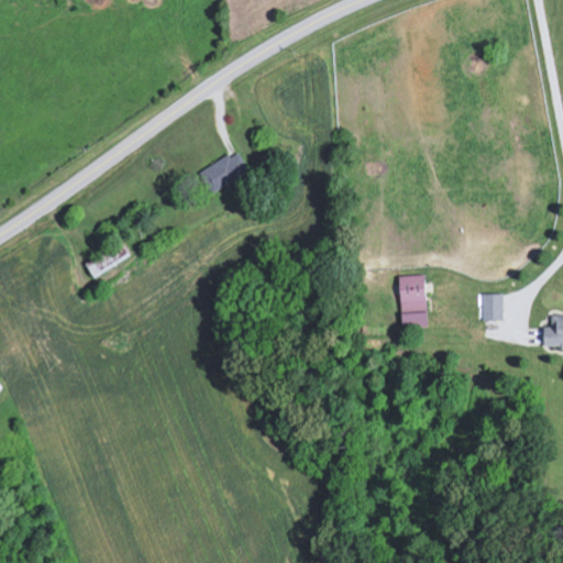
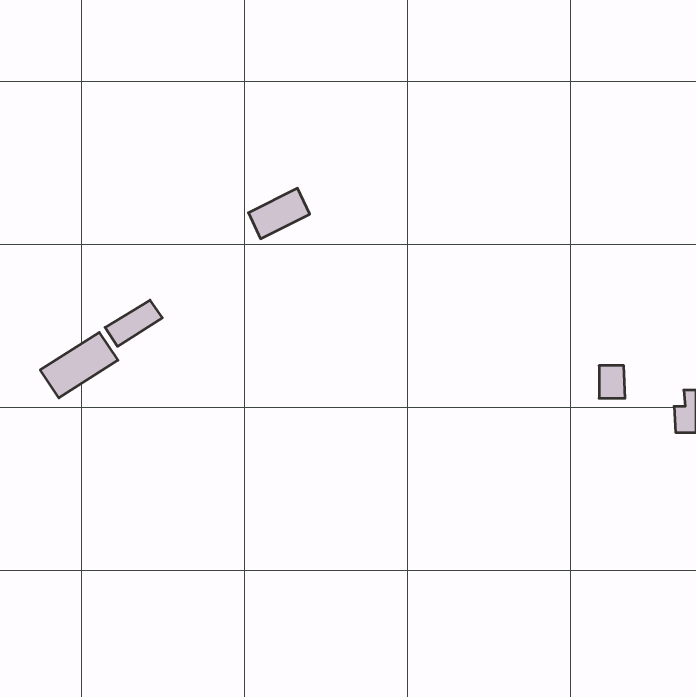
building: none -> [40,332,118,398]
building: [399,275,428,329] -> none

